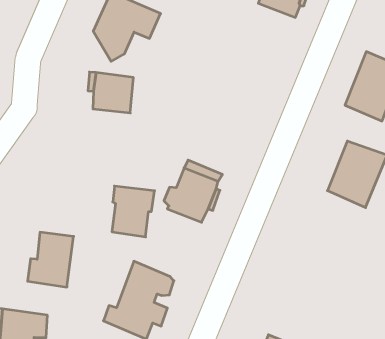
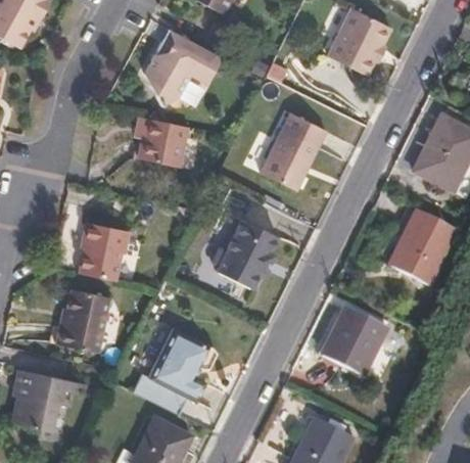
building: none -> [257,113,325,191]
building: [112,186,155,237] -> [81,221,131,279]
building: none -> [322,309,387,378]

